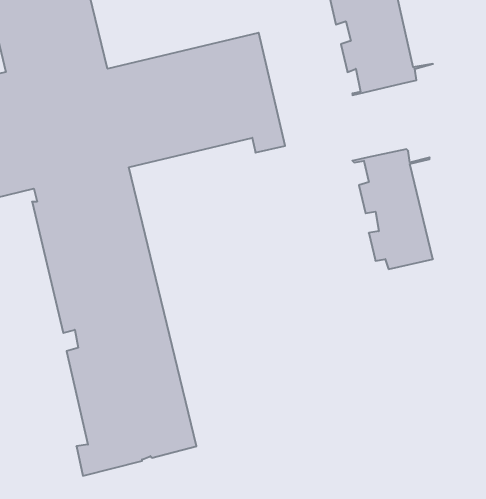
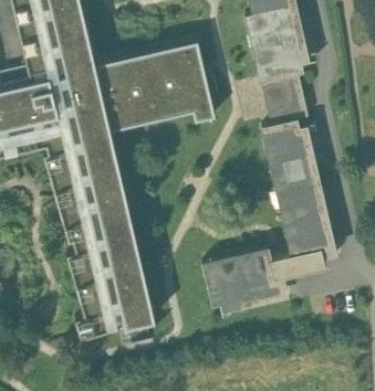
building: none -> [261,73,305,123]
building: none -> [202,191,329,316]

